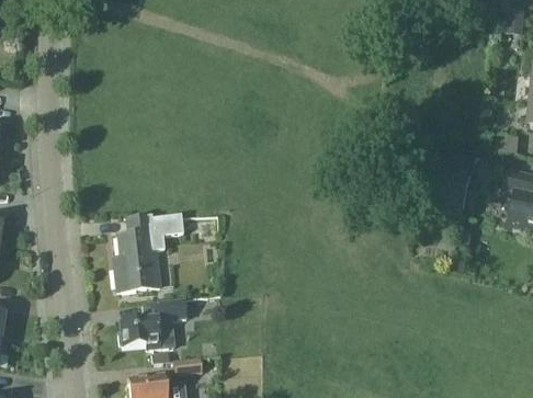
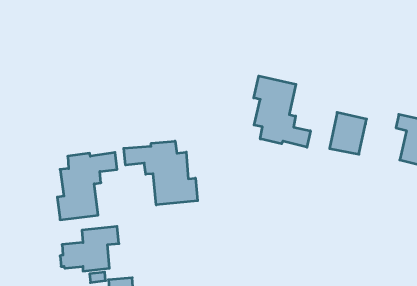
building: none -> [254,76,310,147]
building: none -> [124,141,198,205]

